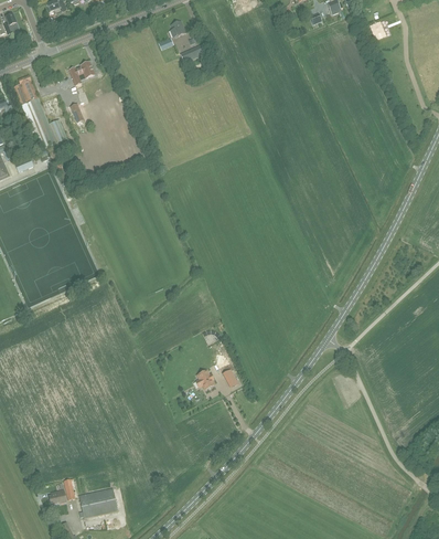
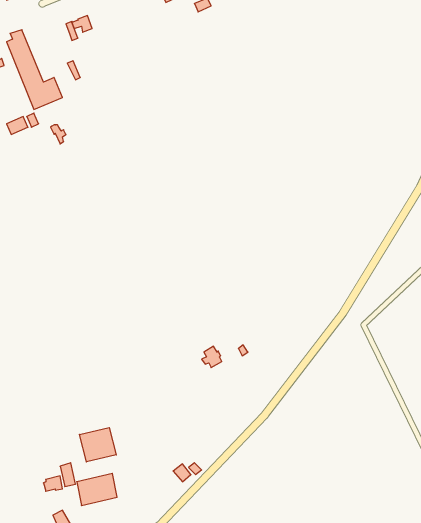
building: none -> [79,428,116,462]

